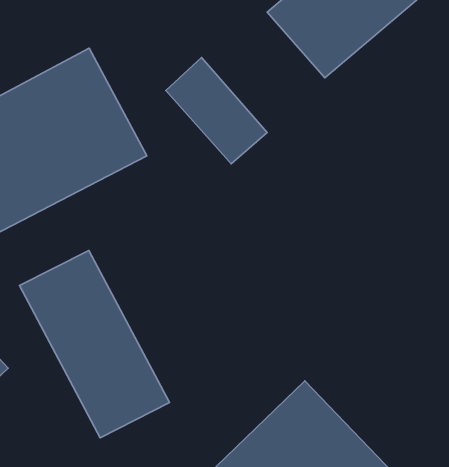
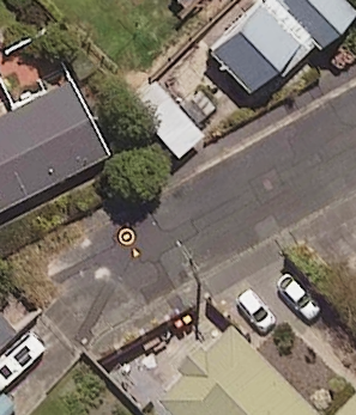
building: [20,251,170,438] -> none

